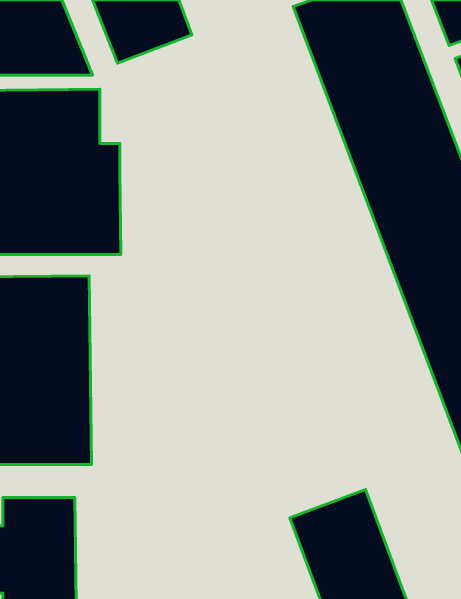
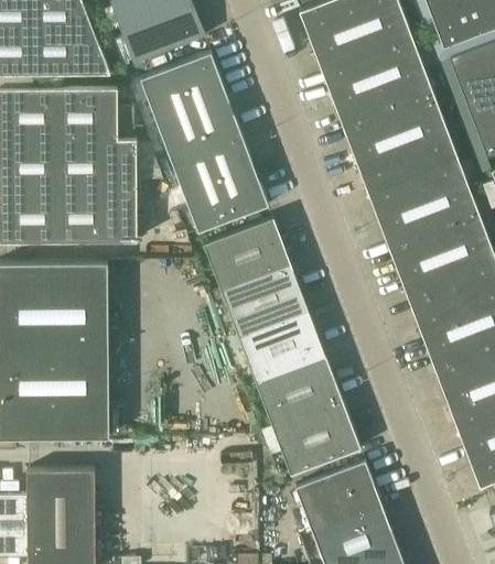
building: none -> [139,52,268,232]
building: none -> [202,218,359,474]

